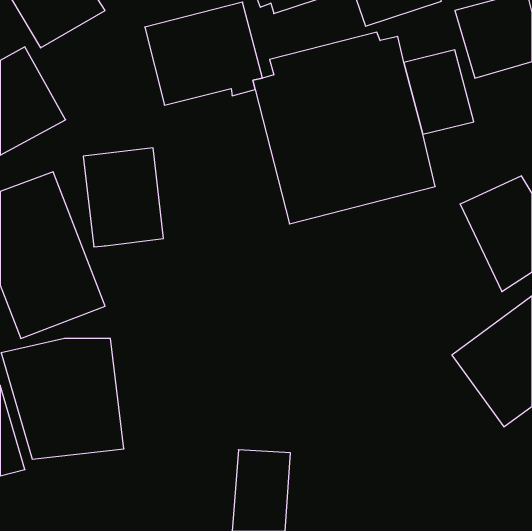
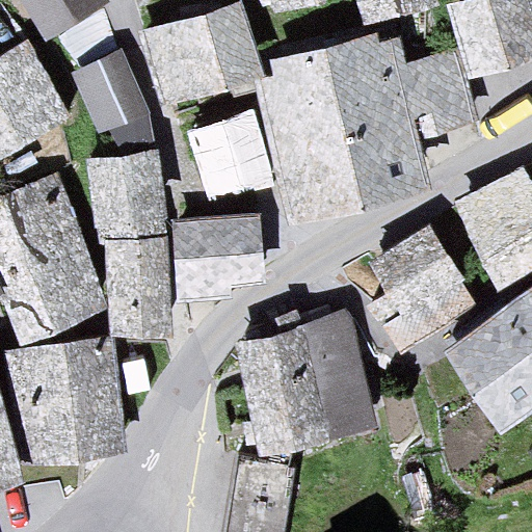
building: none -> [68,54,144,136]
building: none -> [183,113,271,206]
building: none -> [168,210,268,301]
building: none -> [360,228,473,348]
building: none -> [105,238,169,334]
building: none -> [236,319,373,448]

